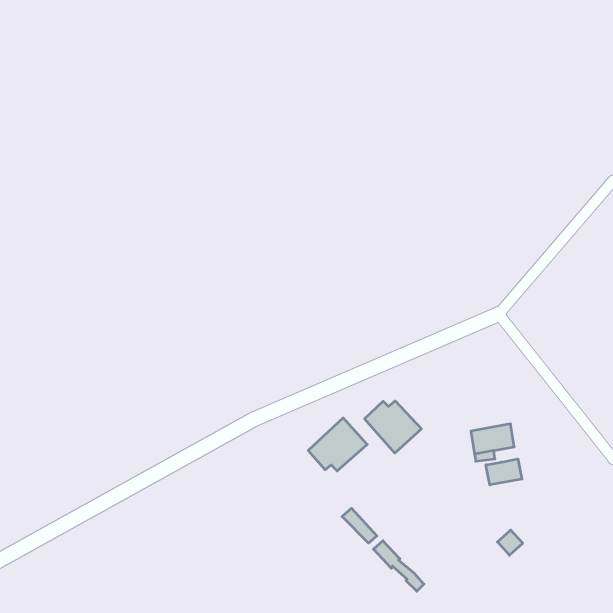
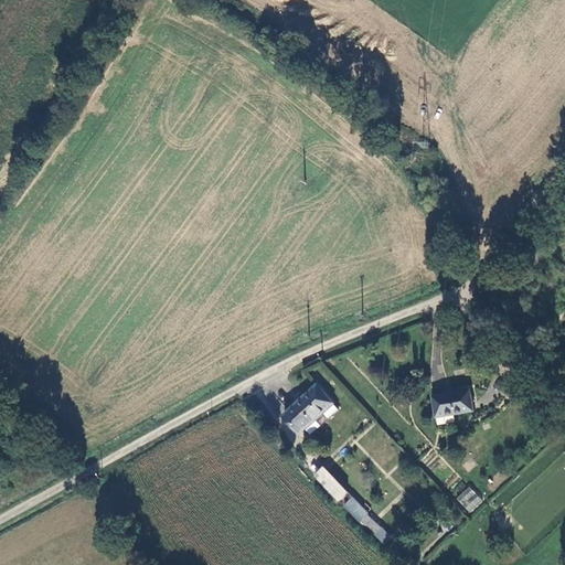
building: [365,401,421,453] -> none
building: [486,459,522,485] -> none

